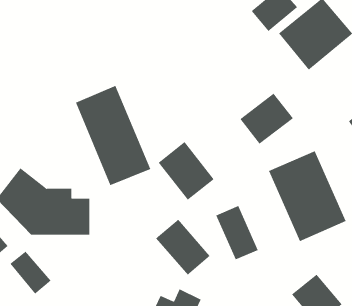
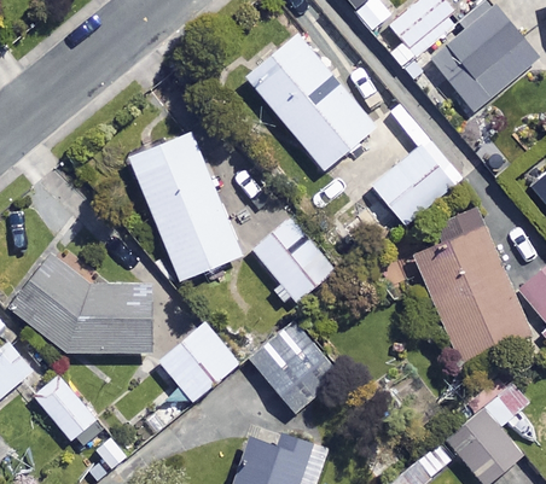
building: none -> [246,35,374,169]
building: [215,205,259,260] -> none
building: none -> [158,322,239,401]

